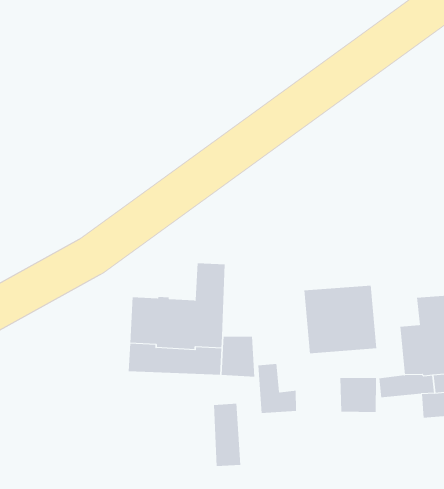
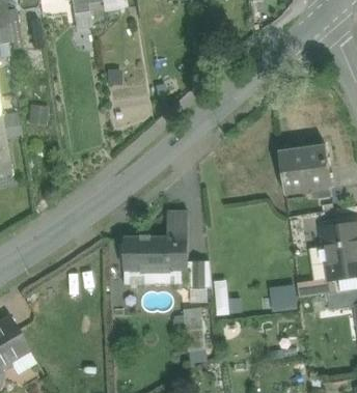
building: [304,285,377,354] -> [280,145,333,195]

